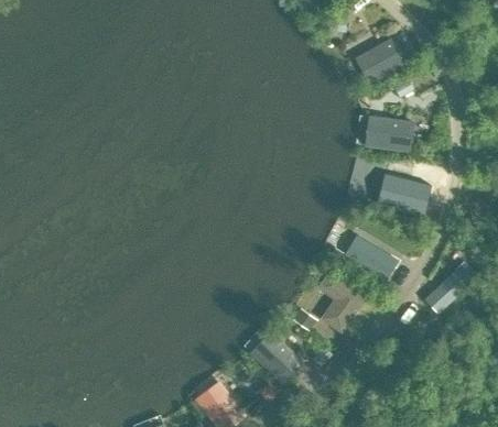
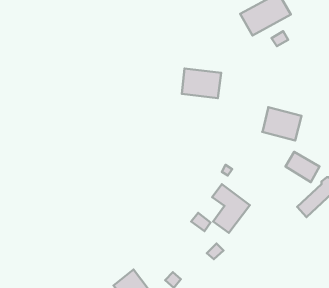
building: [364,114,413,152] -> [182,68,221,98]
building: [354,241,397,280] -> [285,152,320,182]
building: [248,329,303,384] -> none

